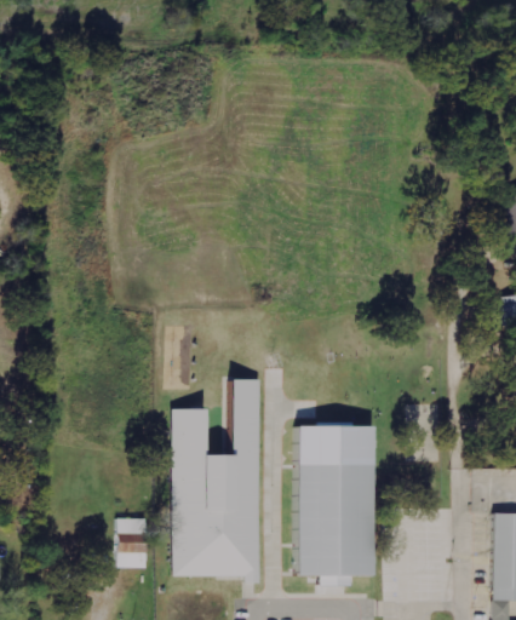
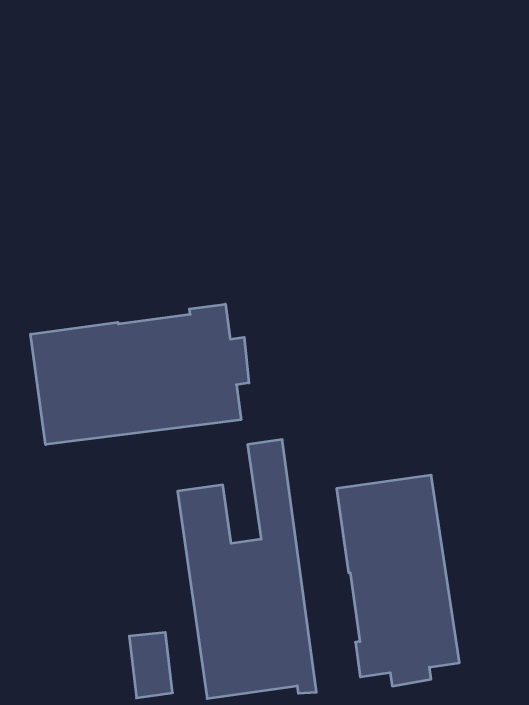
building: none -> [31,304,249,445]

